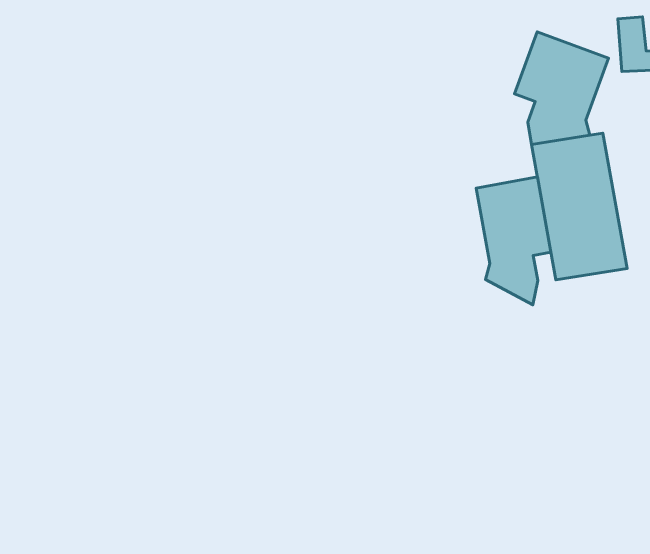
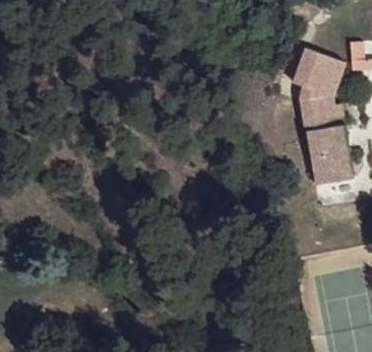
building: [476,177,551,305] -> none

